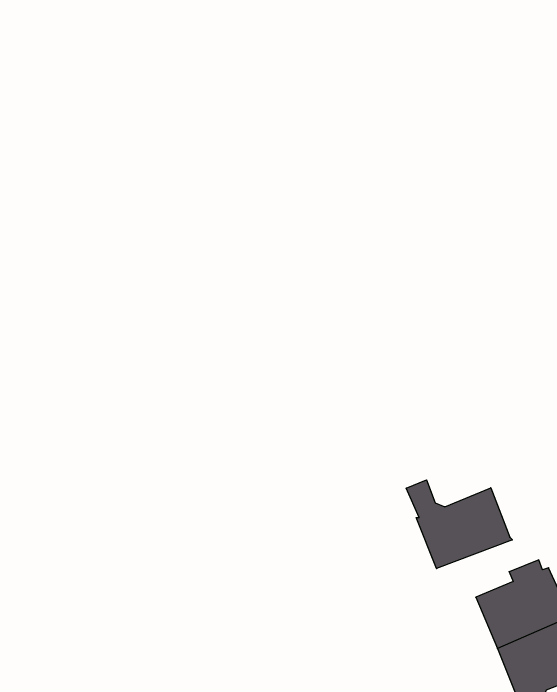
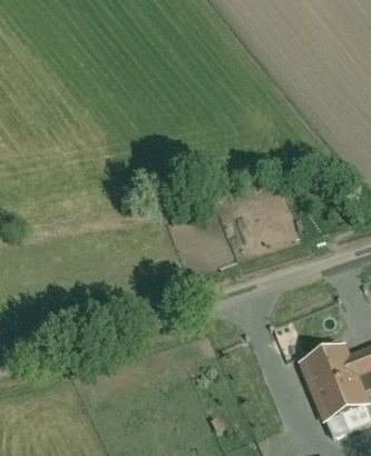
building: [406,480,512,569] -> none

